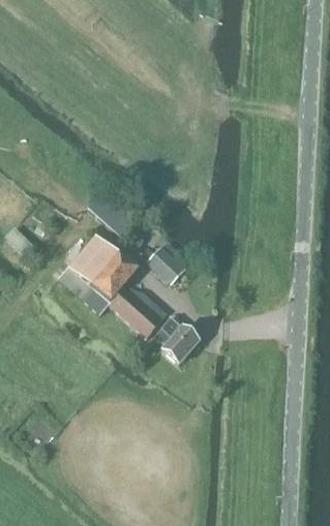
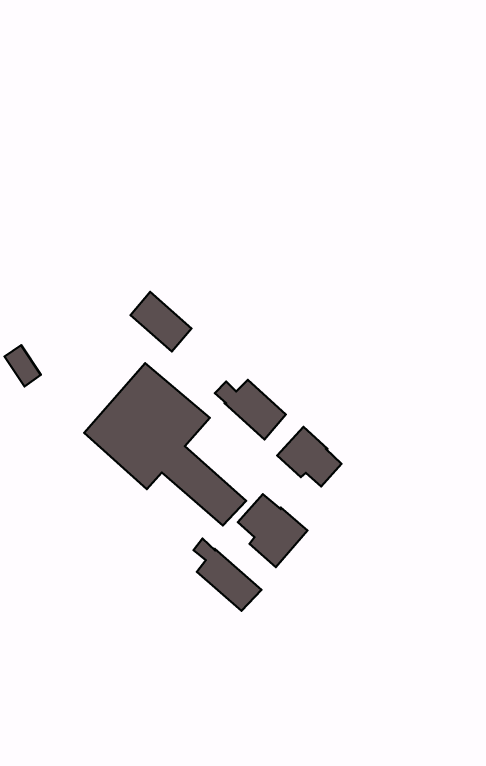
building: none -> [277,427,341,486]
building: none -> [193,539,262,611]

